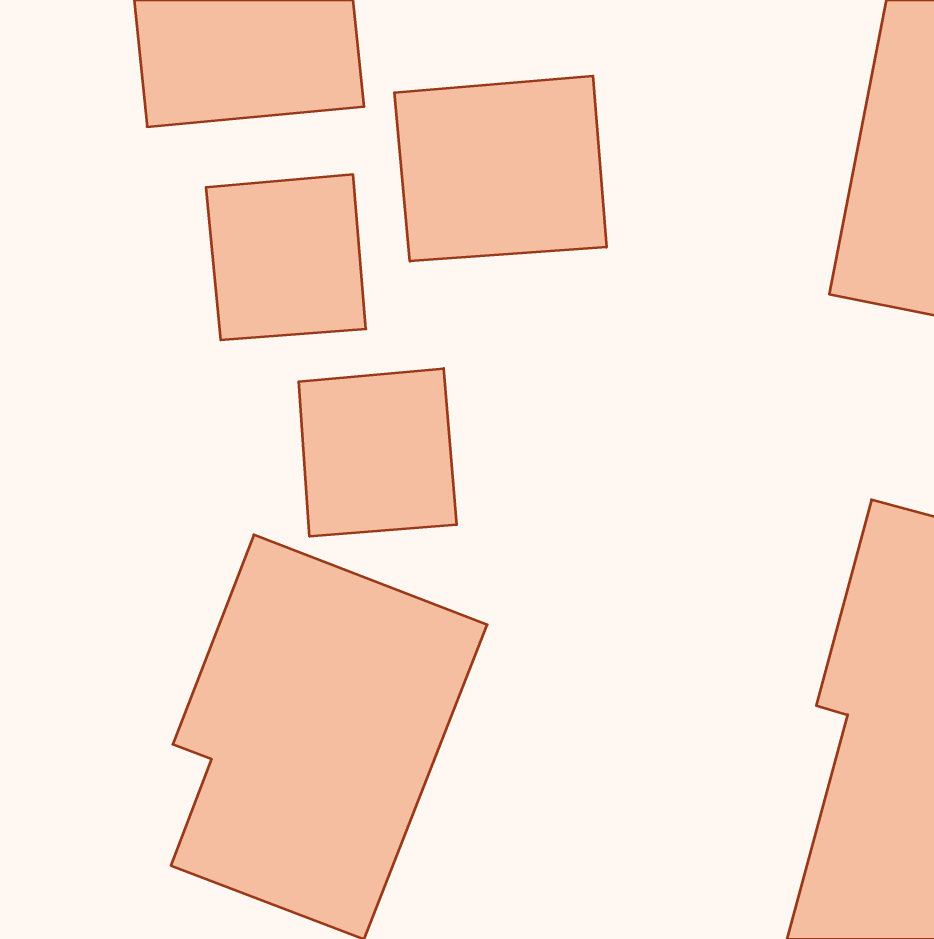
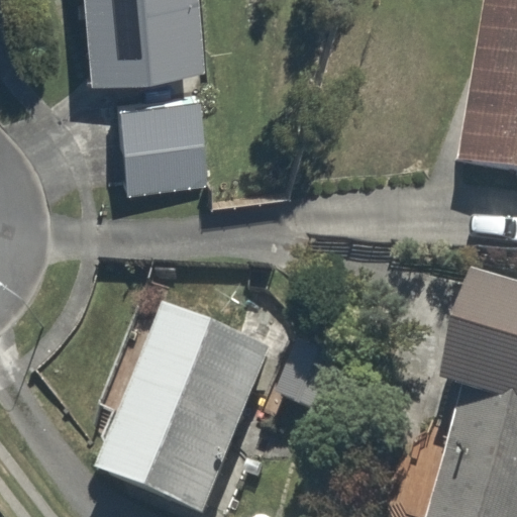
building: [394,76,606,261] -> none
building: [299,368,457,536] -> none

